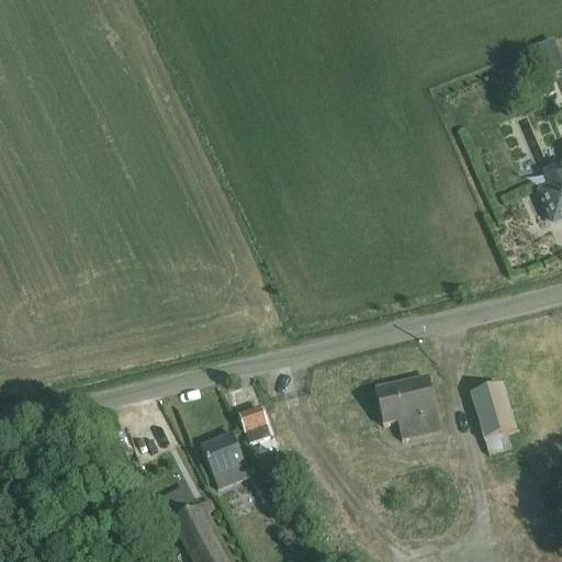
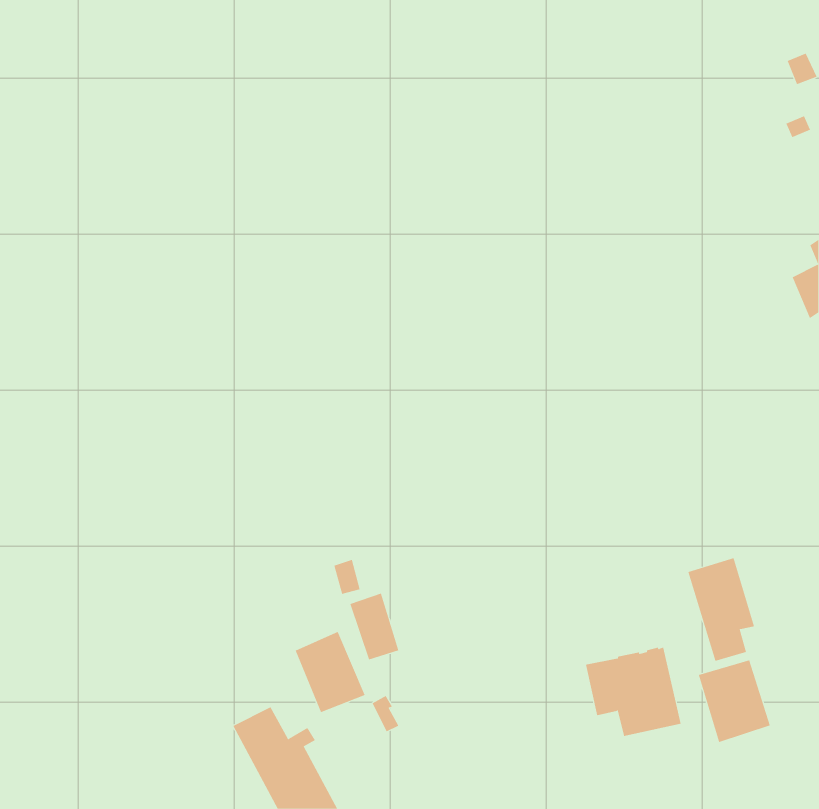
building: [375,376,441,438] -> [585,647,681,737]
building: none -> [698,660,771,743]

